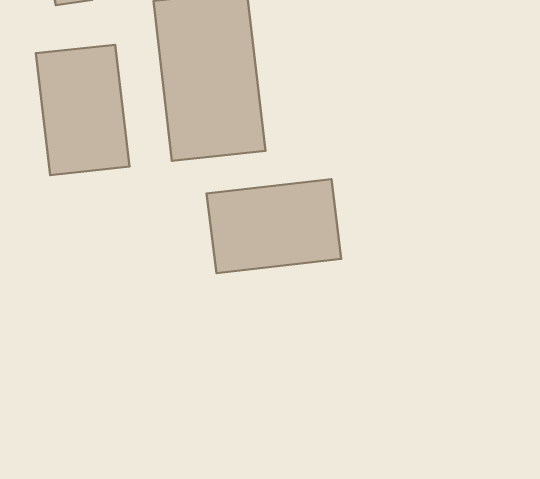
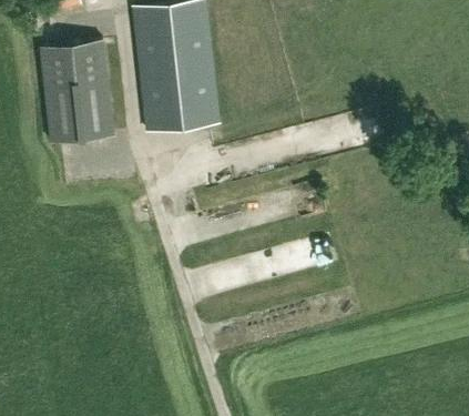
building: [207,179,341,273] -> none

